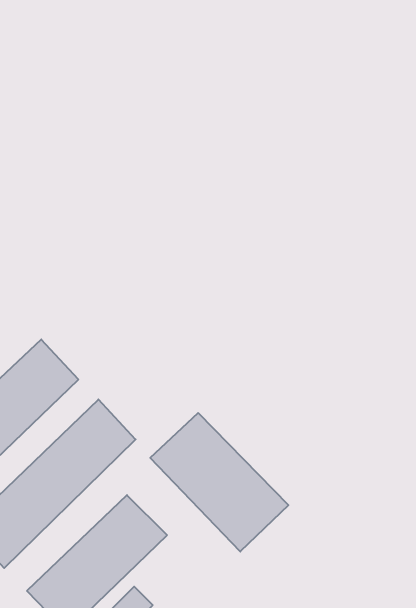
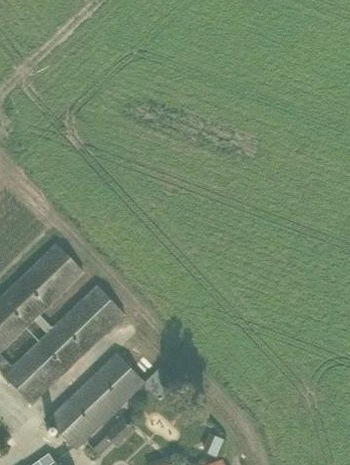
building: [150,413,288,552] -> none

